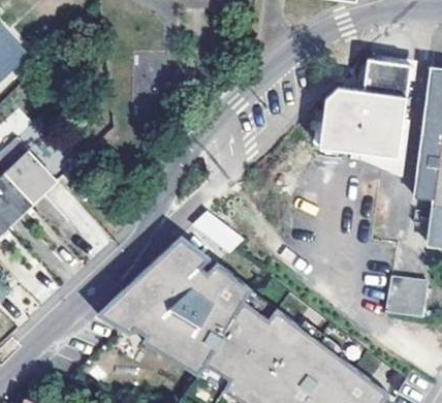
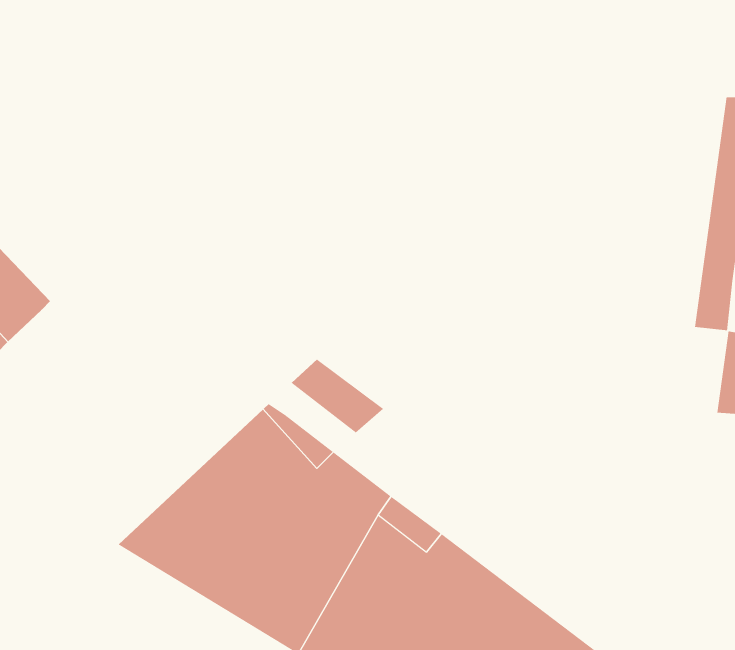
building: [320,57,412,156] -> none
building: [386,279,427,315] -> none

